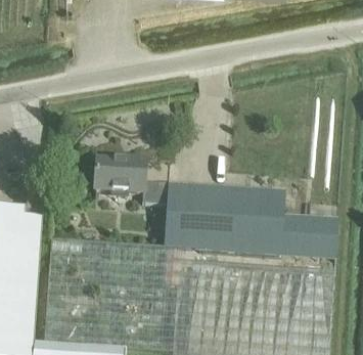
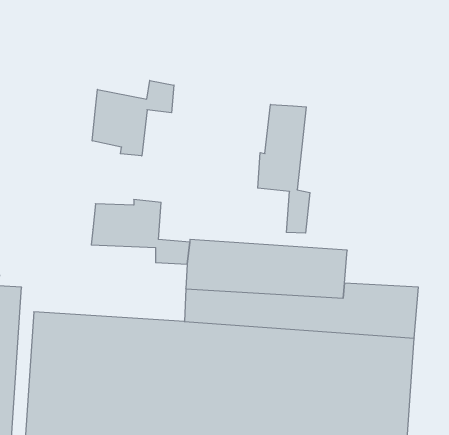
building: none -> [92,80,174,156]
building: none -> [258,104,310,233]

